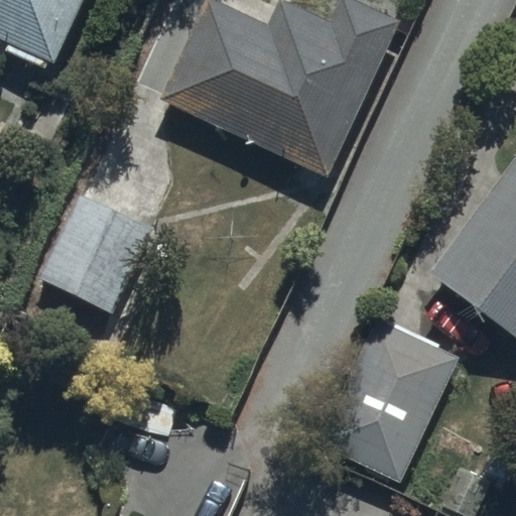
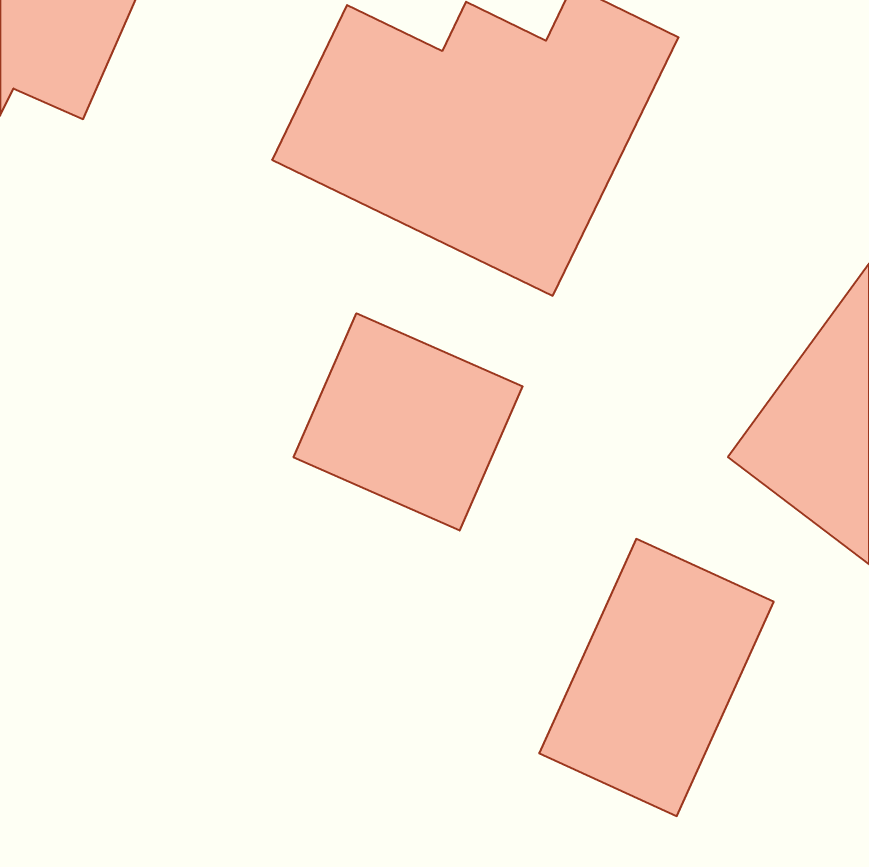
building: none -> [294,313,523,531]
building: [40,192,150,309] -> none

